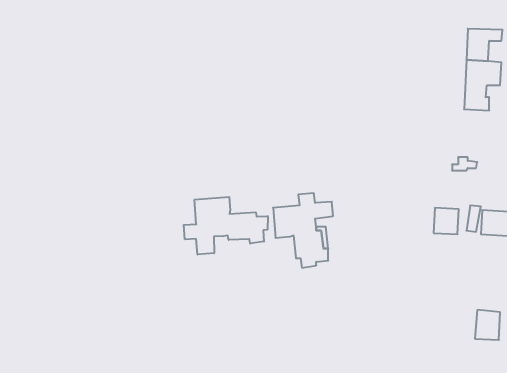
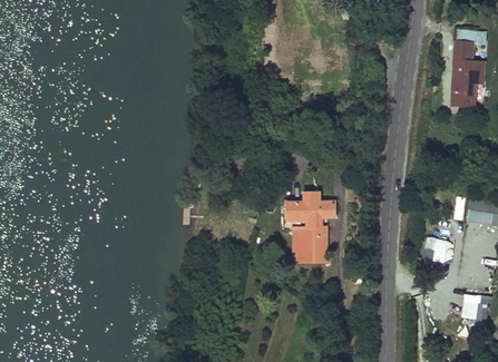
building: [184,197,268,255] -> none
building: [434,208,459,234] -> [423,238,447,263]

